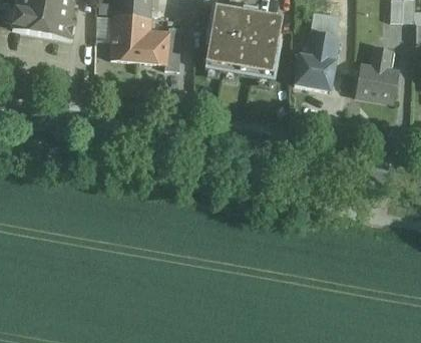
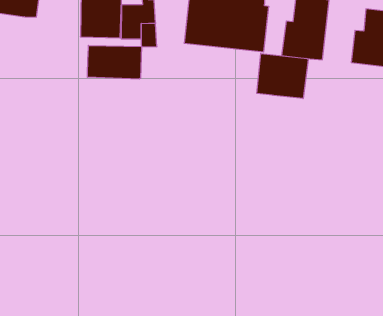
building: none -> [87,45,141,79]
building: none -> [257,53,308,99]

